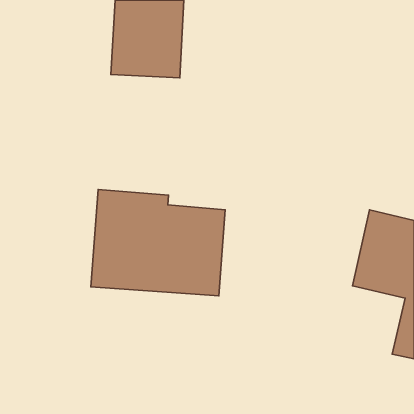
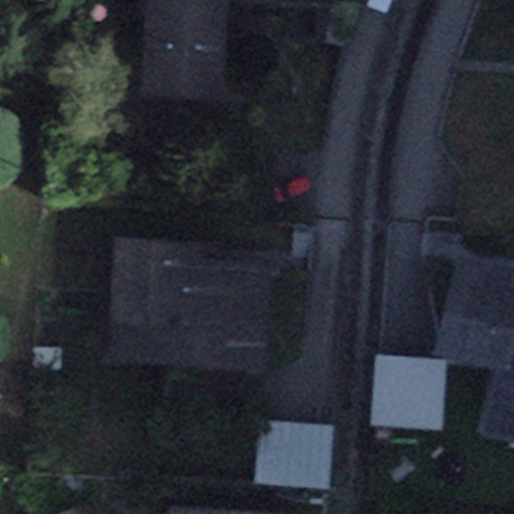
building: none -> [372,357,444,430]
building: none -> [254,421,334,489]

